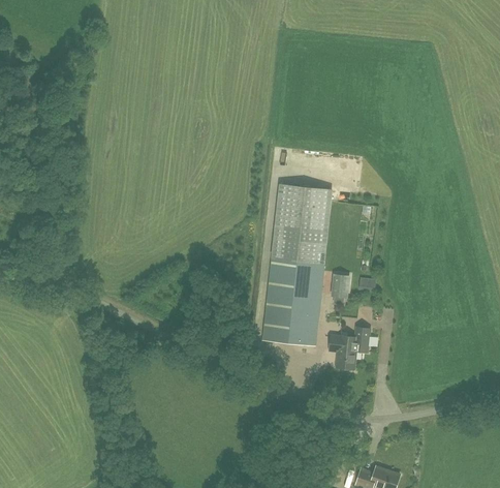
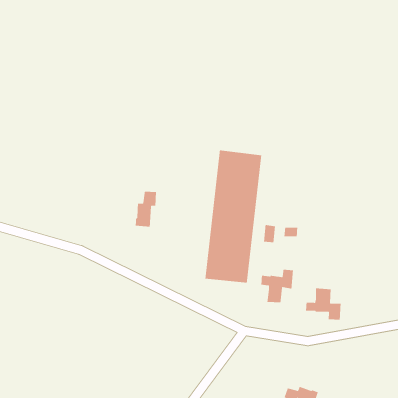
building: none -> [135,191,157,227]
building: none -> [305,287,342,321]

